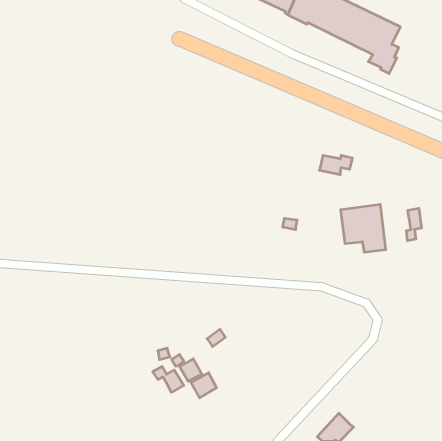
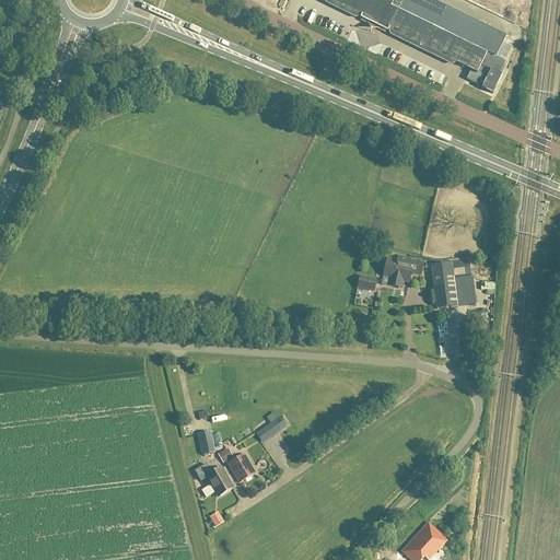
building: [319,155,352,175] -> [382,257,423,281]
building: [406,208,422,241] -> none
building: [191,373,216,398] -> none

